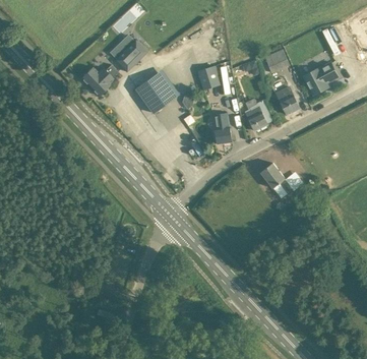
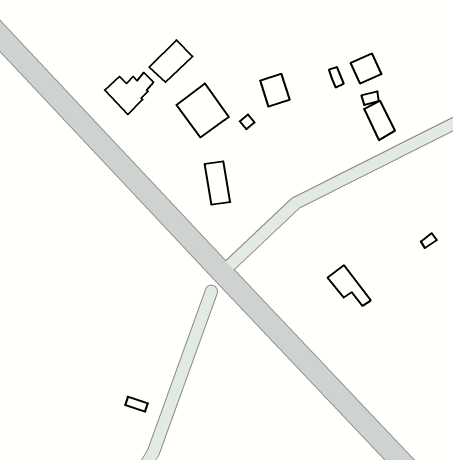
building: [303,62,338,95] -> none
building: [244,101,272,130] -> none
building: [212,112,232,144] -> [205,161,230,205]
building: [260,163,293,193] -> [328,265,371,306]

